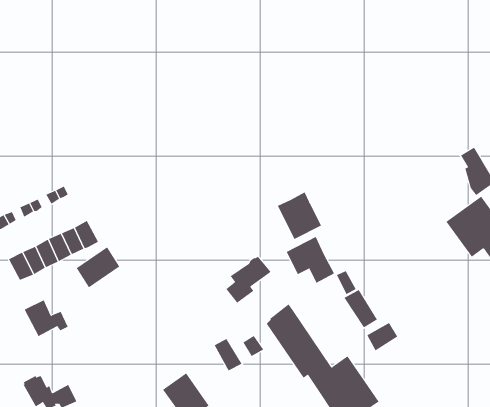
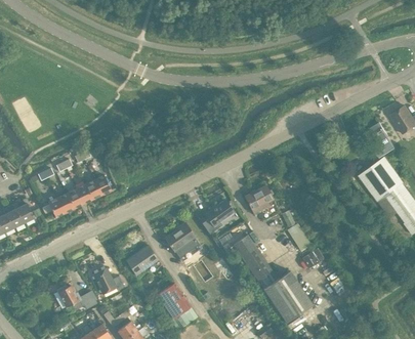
building: [277,192,322,240] -> none
building: [76,246,120,288] -> [126,245,158,274]
building: none -> [164,222,201,260]
building: [24,300,69,337] -> [92,267,124,294]

